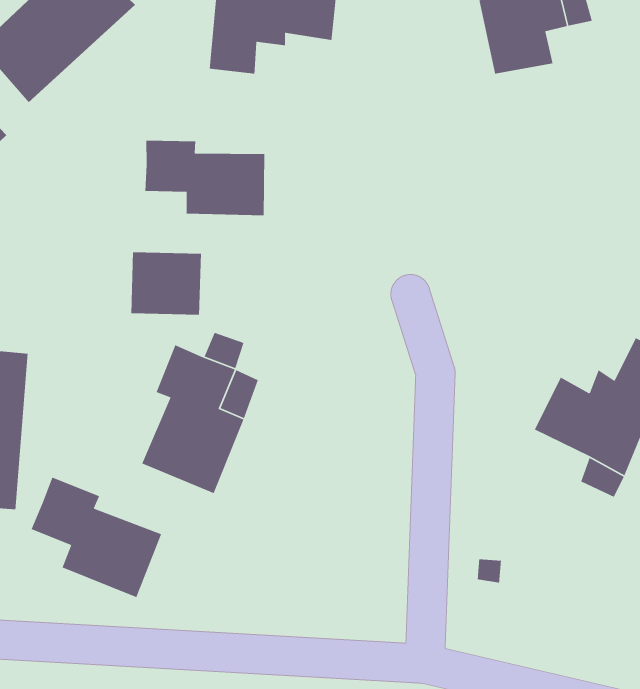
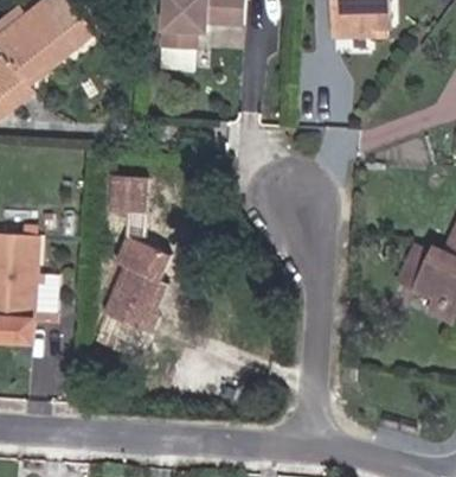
building: [145,140,265,216] -> none
building: [31,476,162,598] -> none

